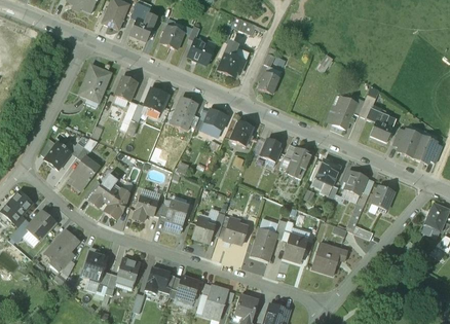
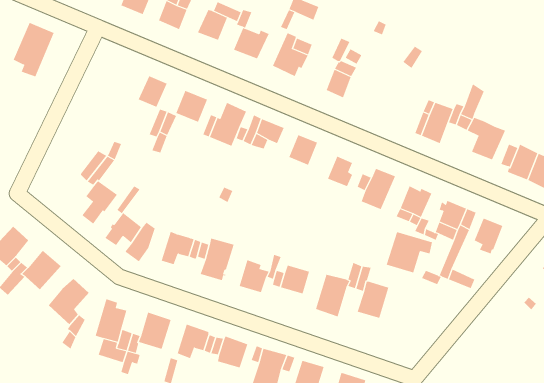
building: [78,65,110,107] -> [13,22,55,77]
building: [43,142,70,169] -> none
building: [310,243,346,275] -> [386,231,433,273]

